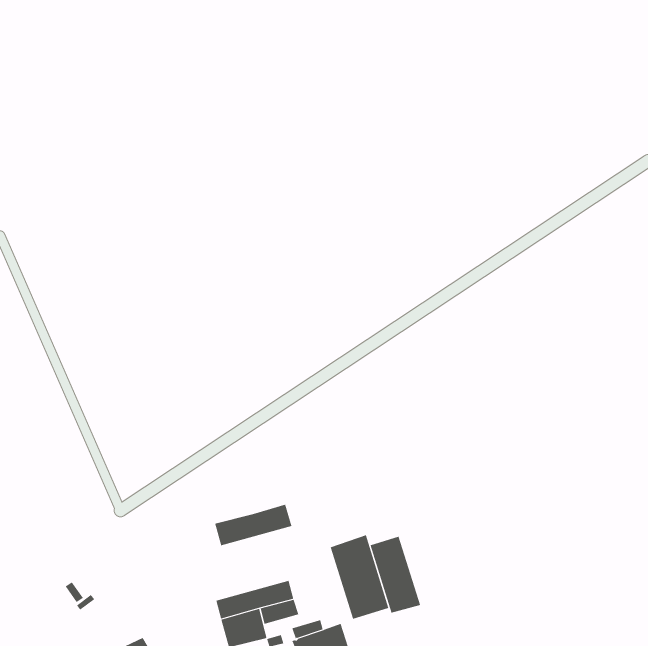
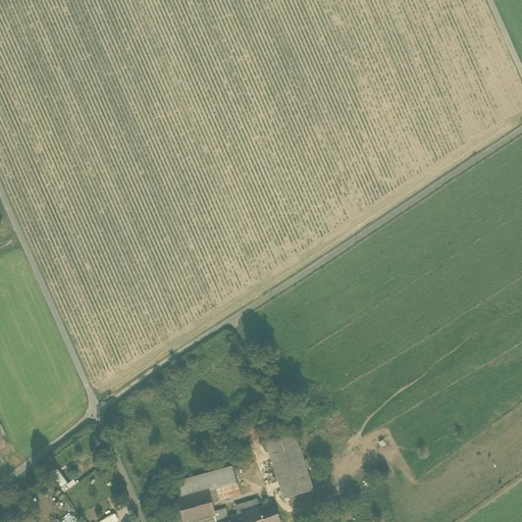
building: [214,504,292,546] -> none
building: [370,536,421,614] -> none

